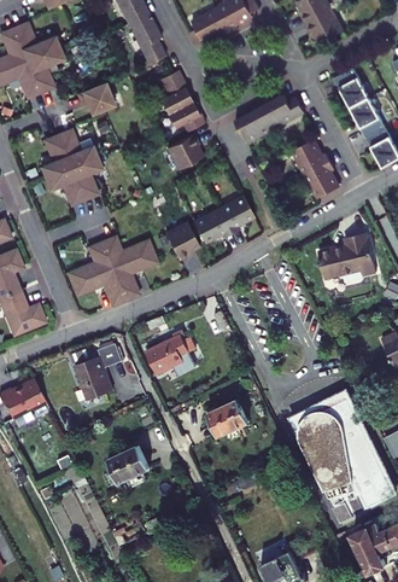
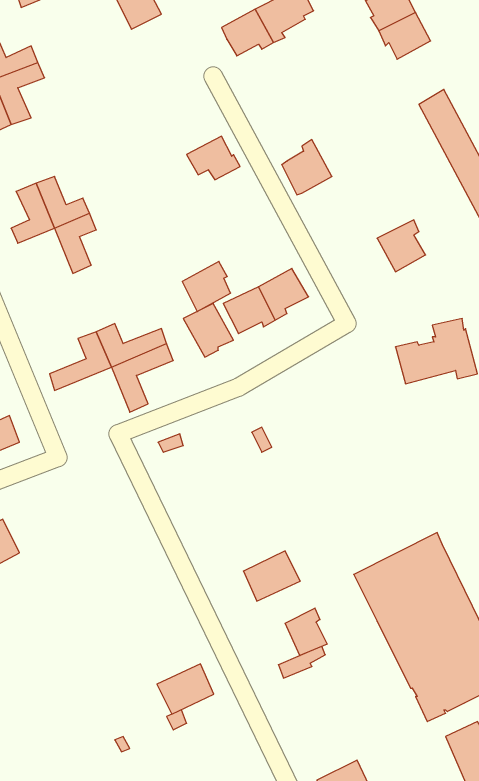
building: [127,12,165,64] -> none
building: [159,70,192,114] -> none
building: [76,82,115,114] -> none
building: [257,94,304,129] -> none
building: [168,133,203,169] -> [182,261,231,312]
building: [292,139,330,174] -> none
building: [45,167,84,205] -> none
building: [71,267,125,305] -> none
building: [146,330,195,374] -> none
building: [74,343,122,400] -> none
building: none -> [285,608,327,656]
building: [107,446,148,482] -> [157,664,214,714]

